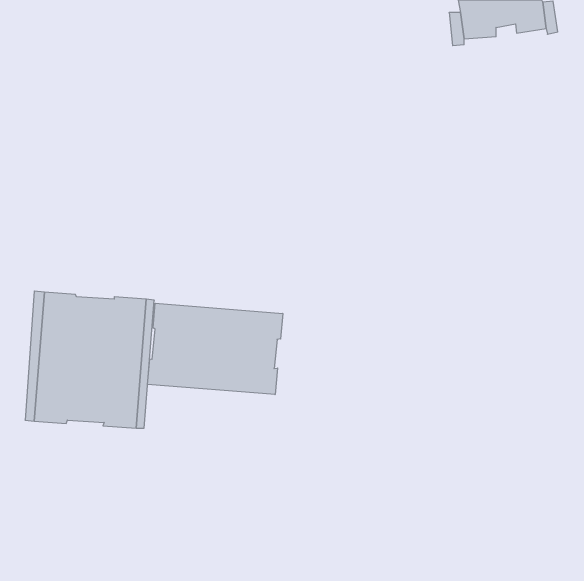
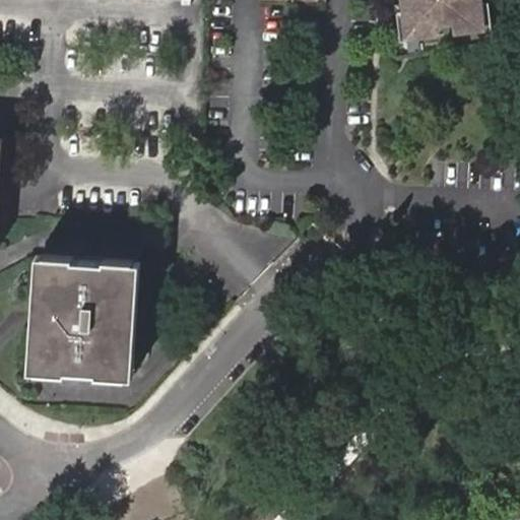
building: [148,303,283,395] -> none

